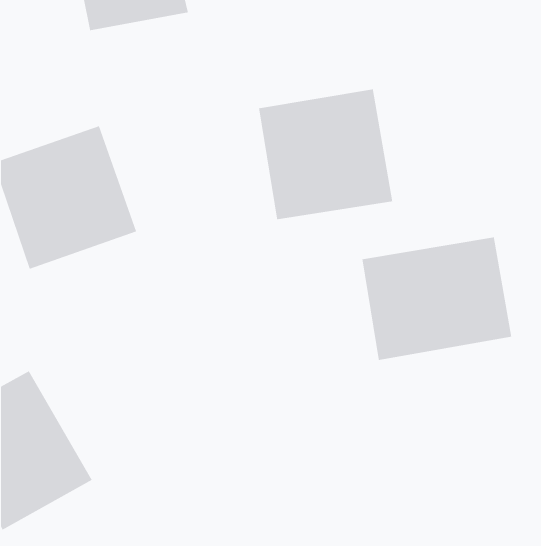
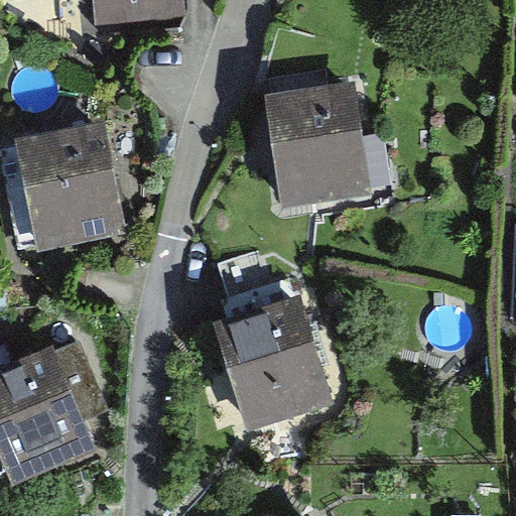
building: [362,237,512,361] -> none
building: none -> [195,274,350,428]

